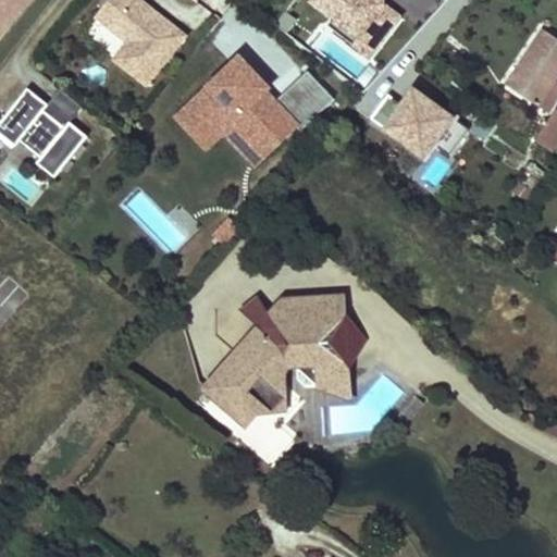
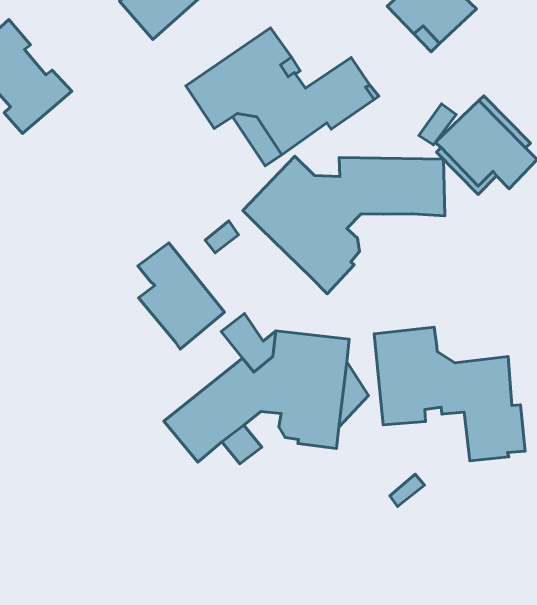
building: none -> [243,156,445,294]
building: none -> [138,243,225,349]
building: none -> [374,327,525,461]

